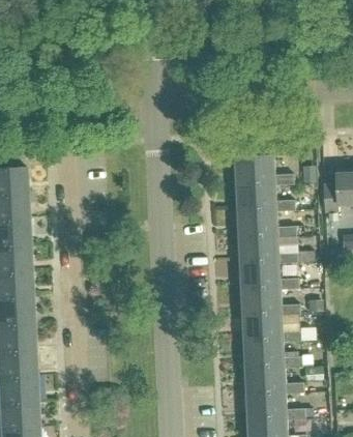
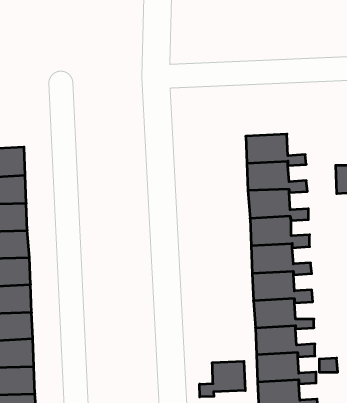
building: none -> [200,361,245,397]

